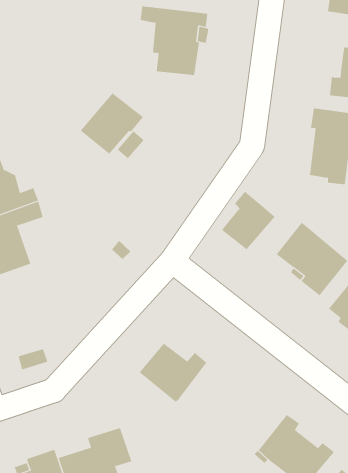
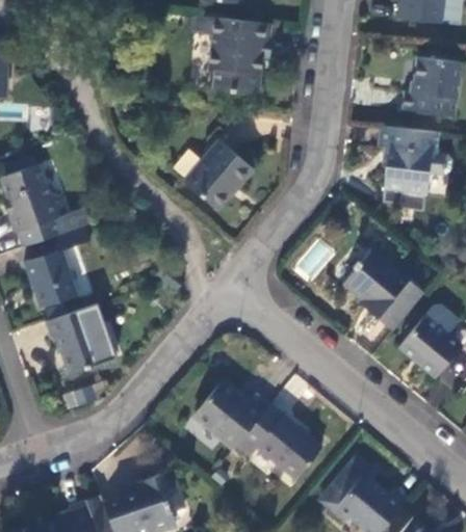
building: [80,93,144,154] -> [182,141,252,209]
building: [221,191,276,250] -> none
building: none -> [47,307,115,373]
building: none -> [238,402,320,474]

